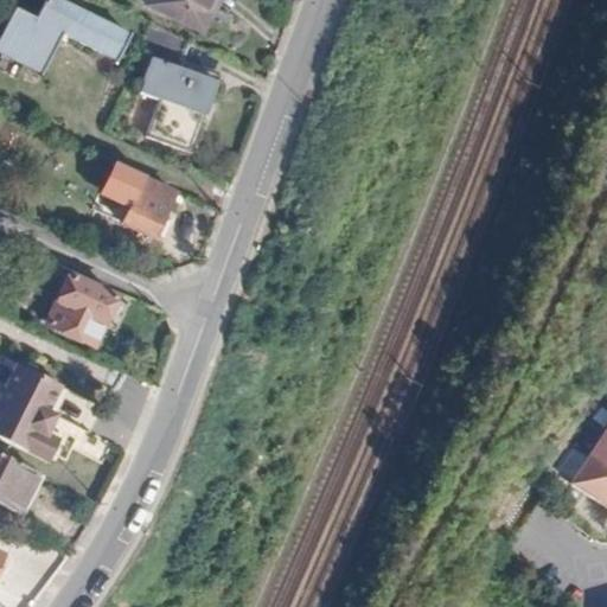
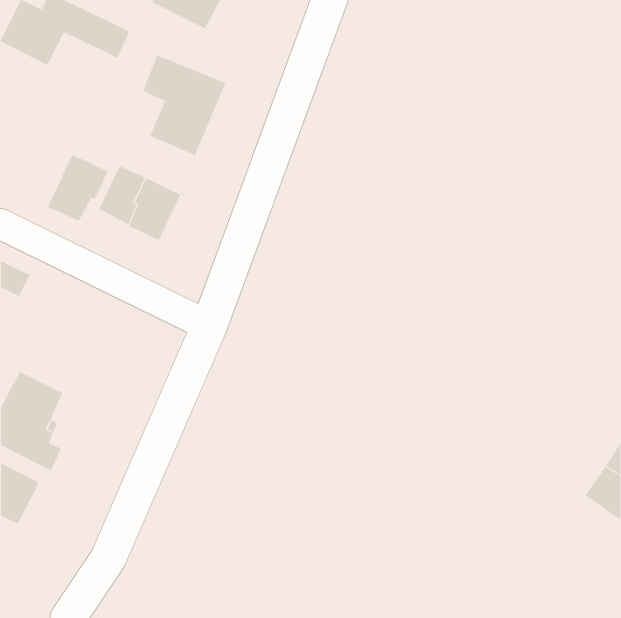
building: none -> [47,154,108,222]
building: [51,275,116,344] -> none

